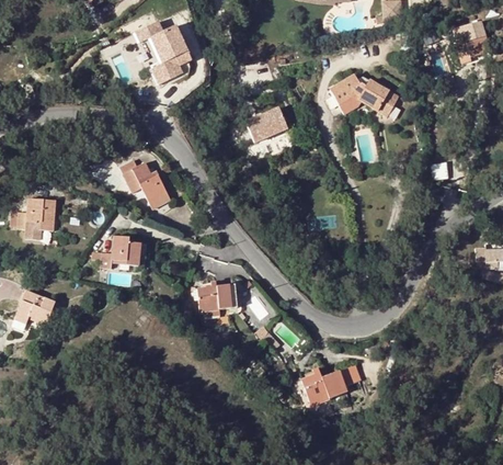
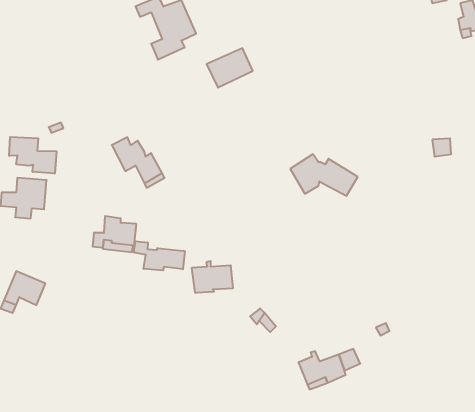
building: [331,73,397,114] -> [290,154,358,196]
building: [241,110,286,148] -> [207,48,253,88]
building: none -> [9,137,57,174]
building: none -> [134,241,185,270]

